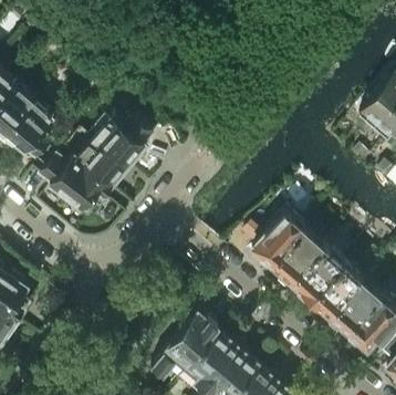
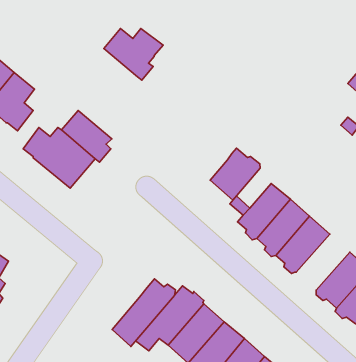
building: [94,118,153,169] -> [104,28,163,80]
building: none -> [210,148,260,200]
building: [309,260,362,315] -> none
building: none -> [112,279,176,346]

